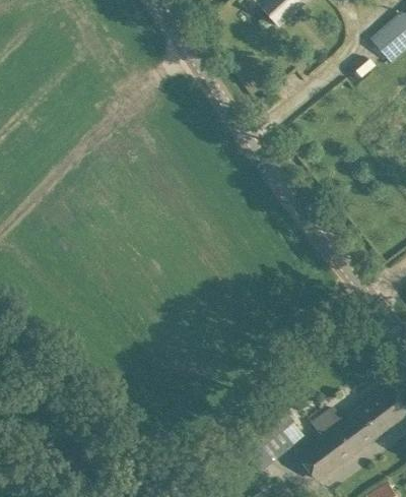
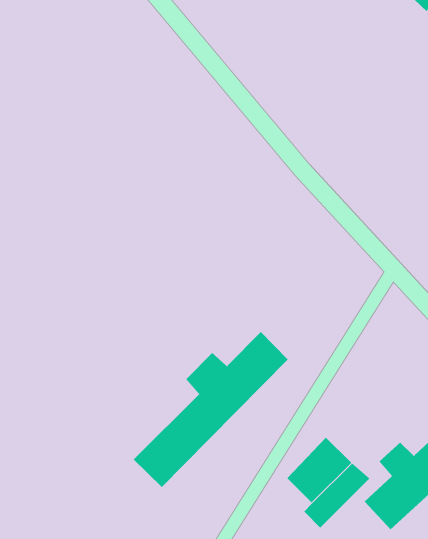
building: none -> [133,331,289,488]

